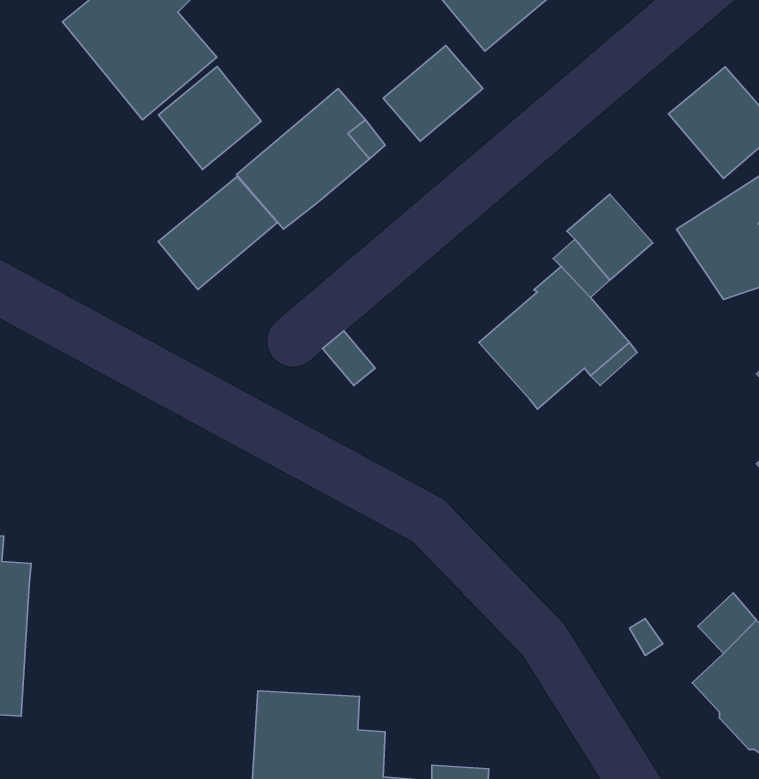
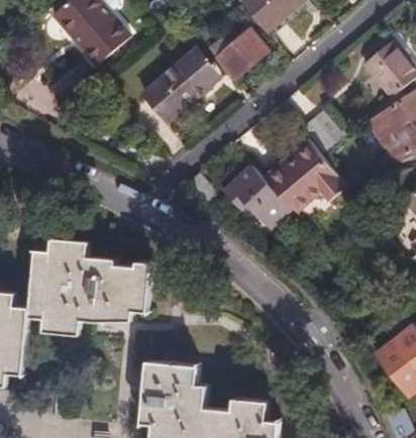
building: [159,67,261,169] -> none
building: [158,176,277,290] -> none
building: none -> [219,167,290,233]
building: none -> [31,235,157,332]

